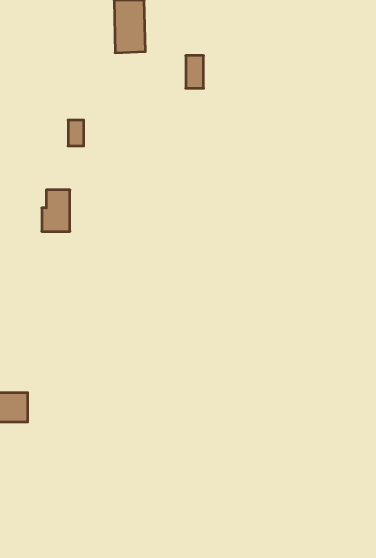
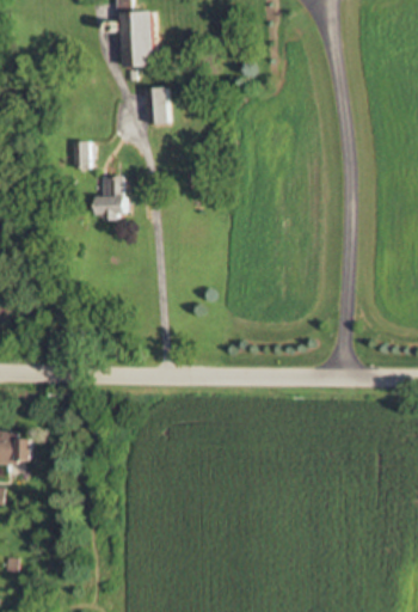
building: [186,56,204,88] -> [147,88,166,123]
building: [42,190,70,231] -> [97,173,127,218]

